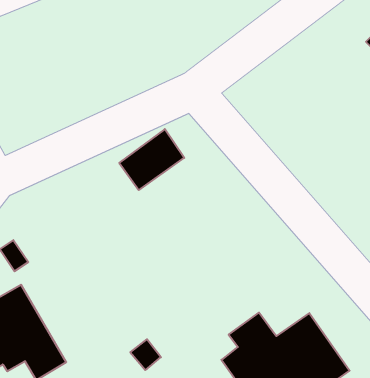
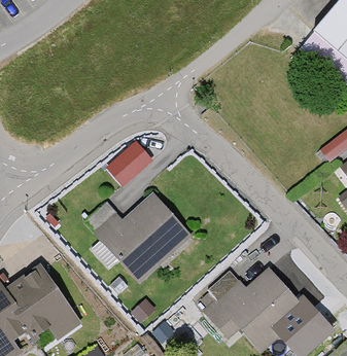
building: none -> [86,192,190,280]

